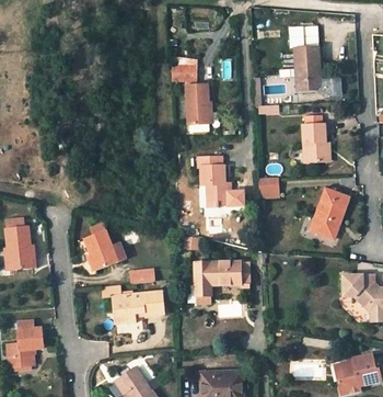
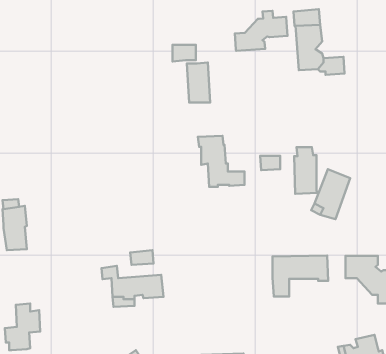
building: none -> [235,11,287,51]
building: [302,114,325,160] -> [294,147,317,194]
building: [83,229,125,270] -> none
building: [195,261,249,302] -> [273,255,328,297]

